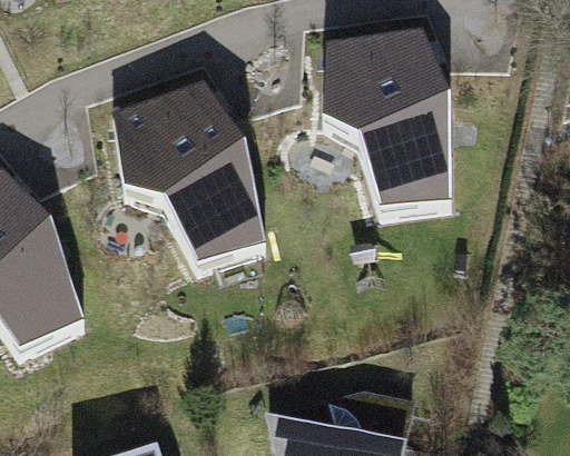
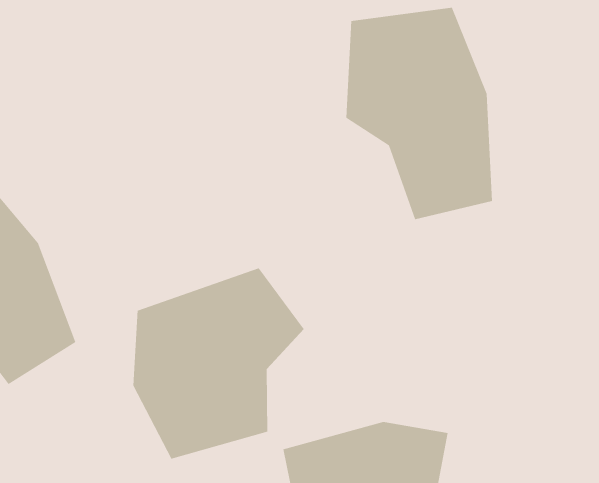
building: [114,80,267,270] -> none
building: none -> [133,267,305,460]

